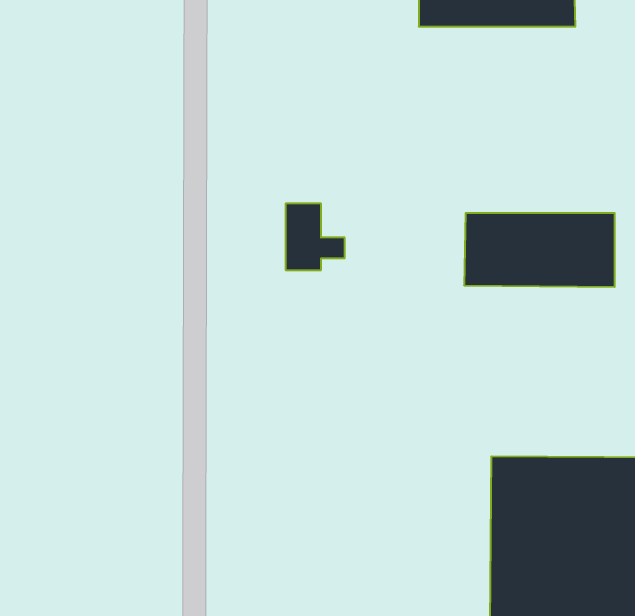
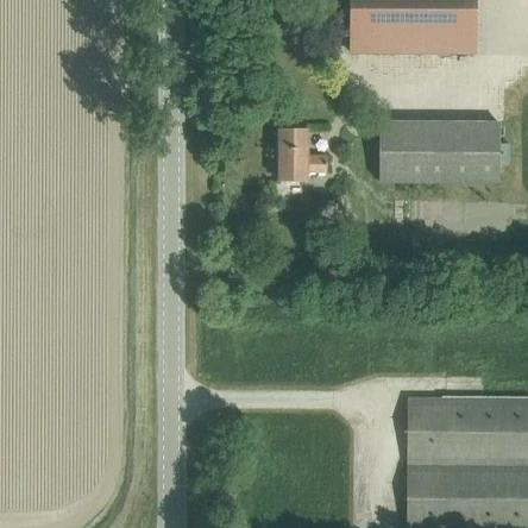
building: [286,204,345,270] -> [278,126,326,180]
building: [464,213,615,287] -> [378,121,499,181]

